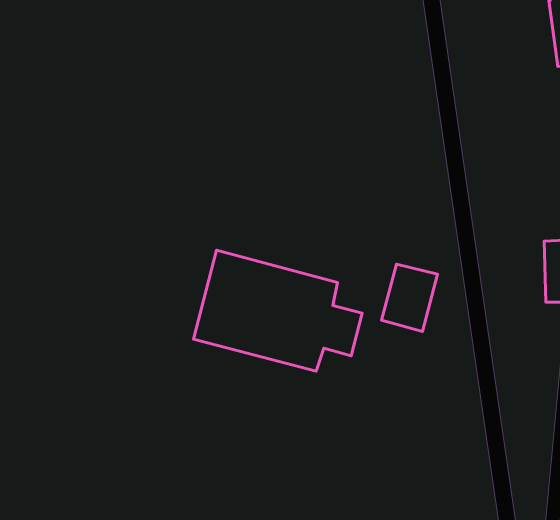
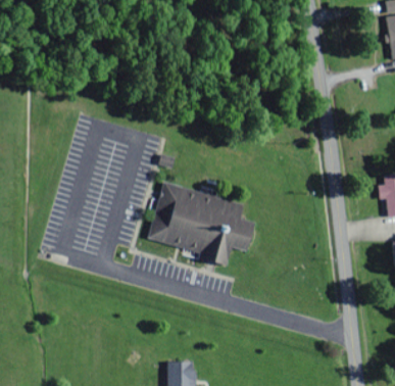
building: [382,264,438,332] -> none

